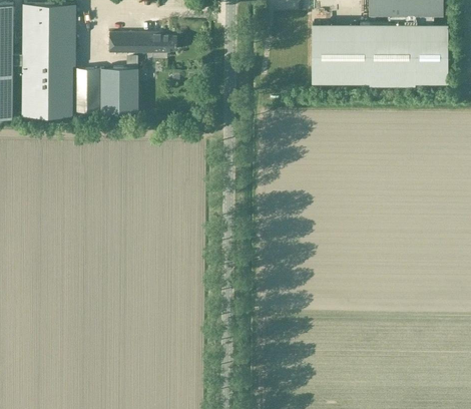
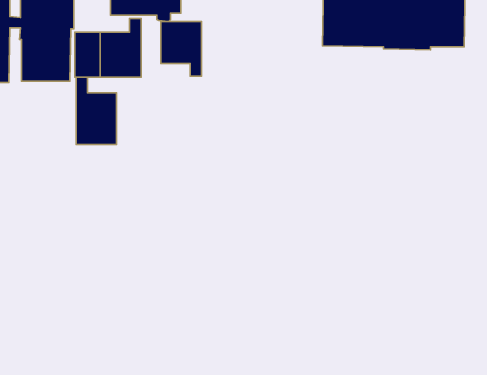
building: none -> [161,22,202,76]
building: none -> [76,77,116,145]

